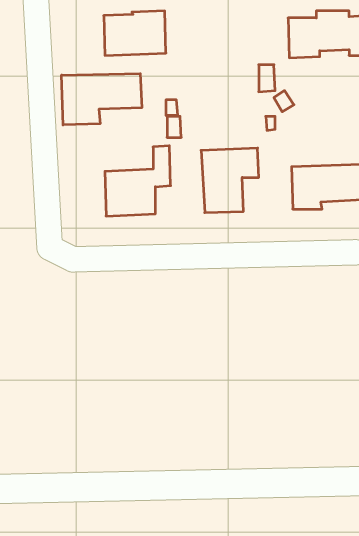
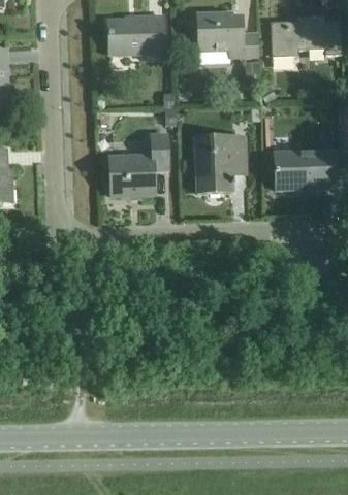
building: none -> [198,12,258,56]
building: [62,74,142,125] -> none

